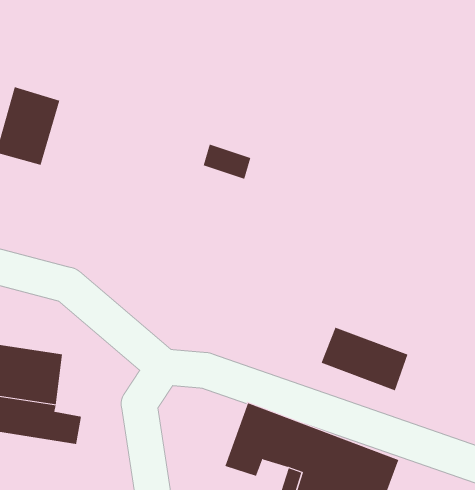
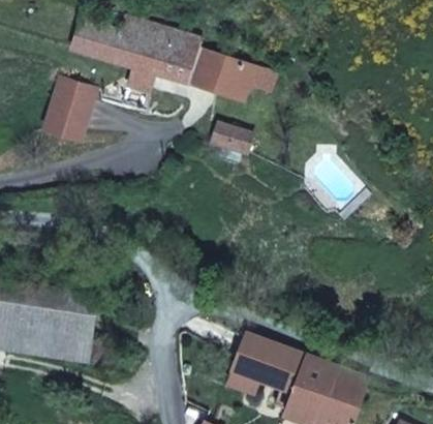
building: none -> [72,14,275,99]
building: [321,327,408,391] -> none

